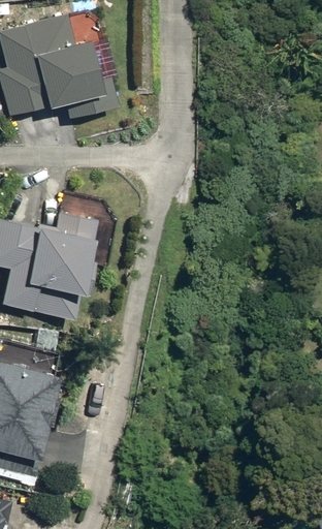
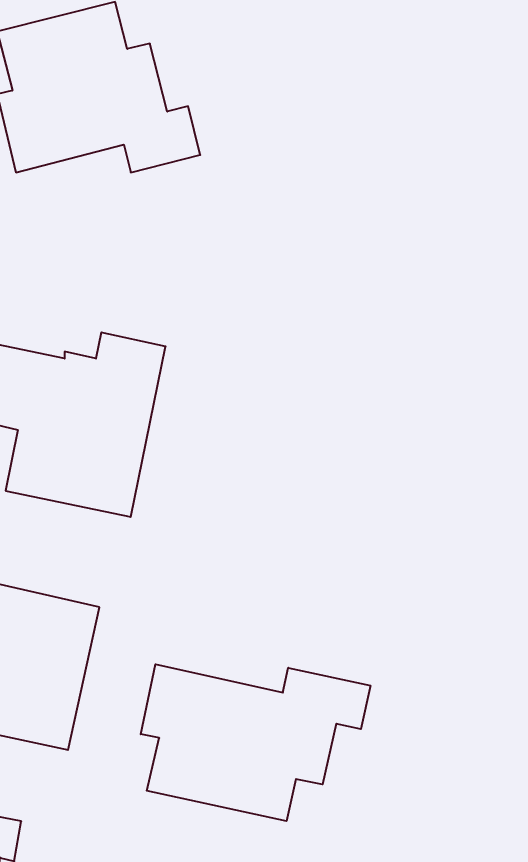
building: none -> [141,664,370,821]

